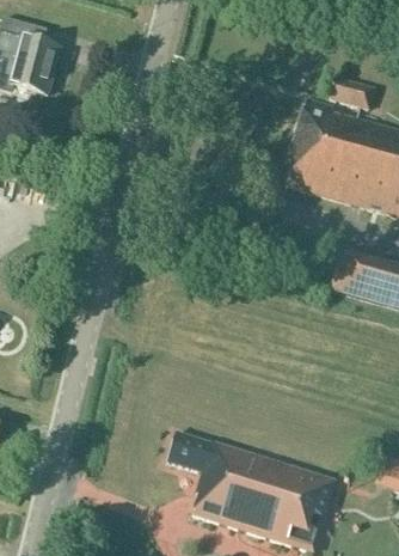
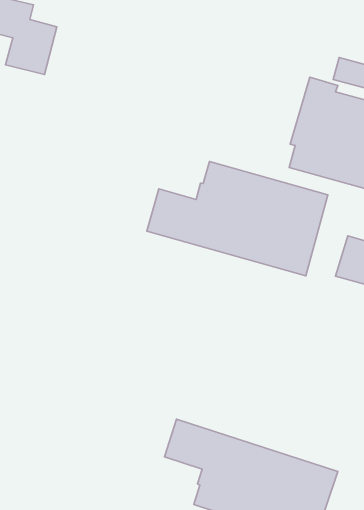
building: none -> [147,162,328,276]

